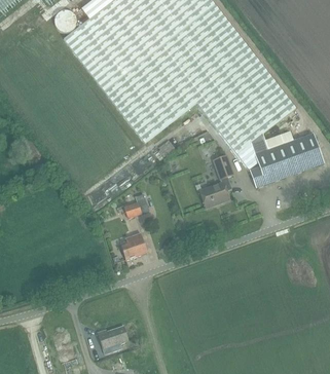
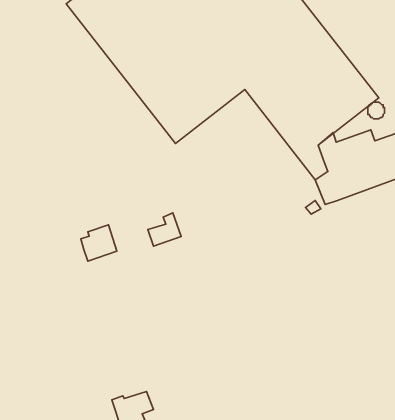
building: [200,154,234,207] -> none
building: [120,232,147,259] -> [81,225,117,261]

